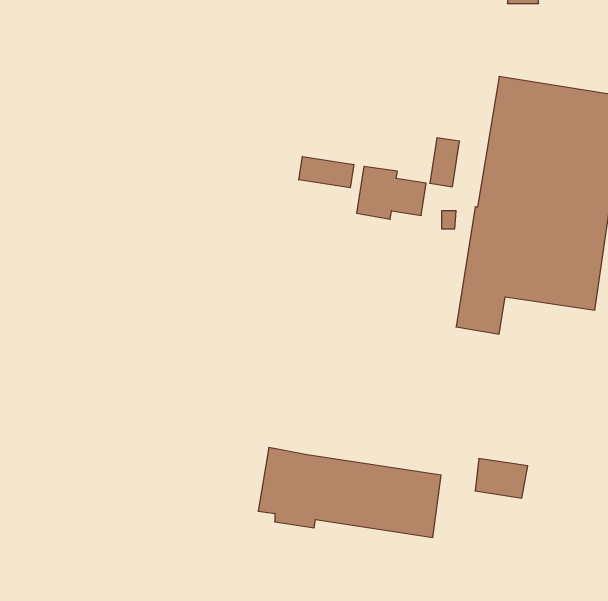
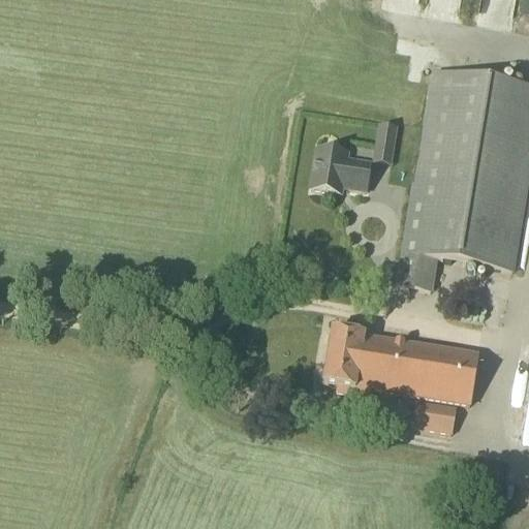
building: [299,156,354,188] -> none
building: [258,448,441,537] -> [323,324,481,402]

